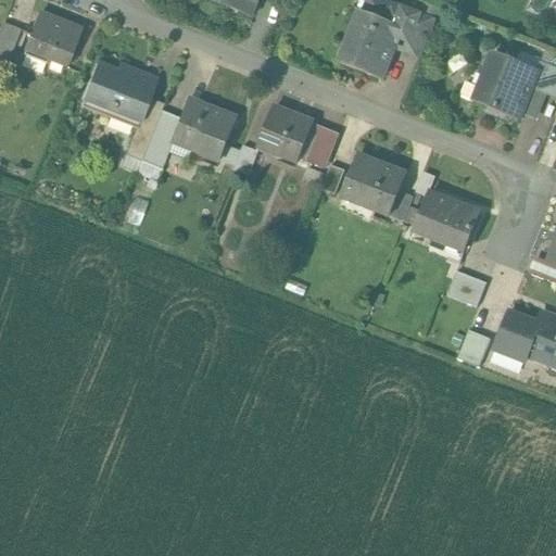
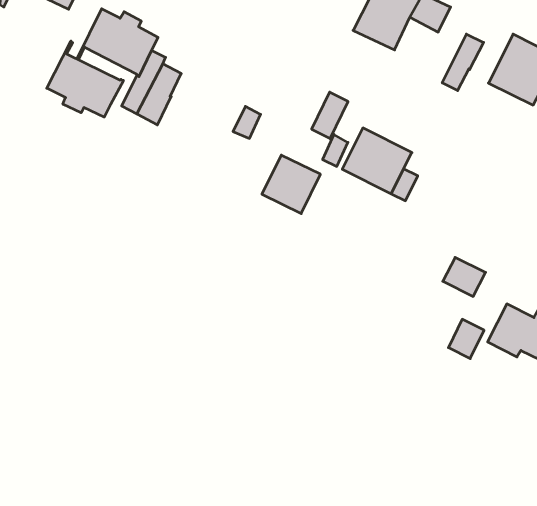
building: none -> [442,34,484,91]
building: none -> [47,41,123,117]
building: [170,98,236,159] -> none
building: [258,105,313,160] -> [262,155,320,214]
building: [414,191,479,249] -> none

